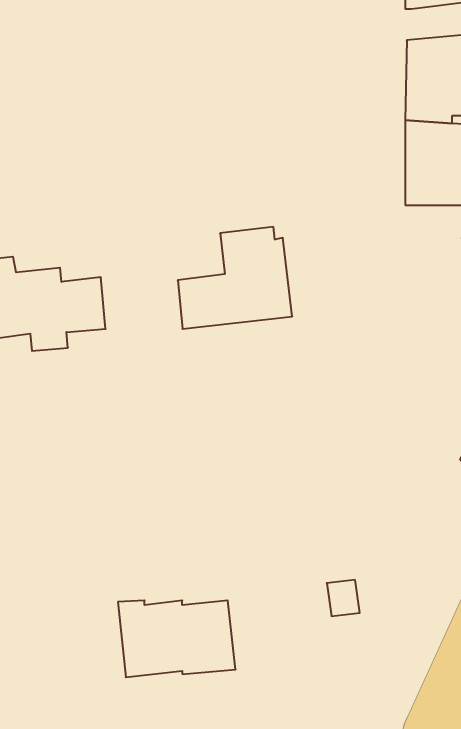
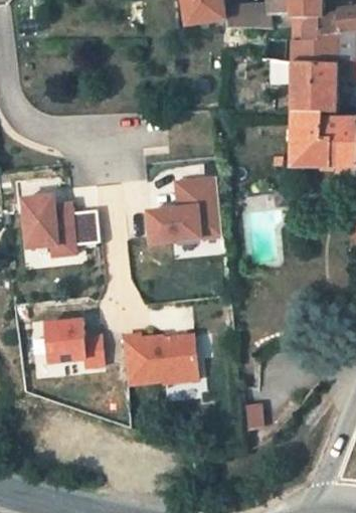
building: none -> [46,322,105,368]
building: [118,600,236,677] -> [123,336,198,385]

